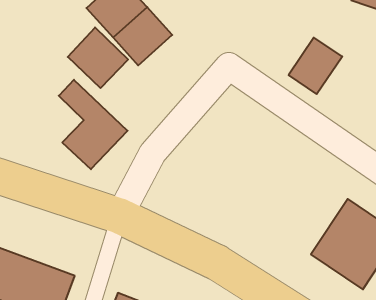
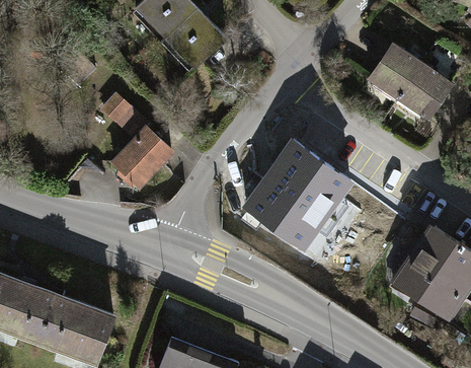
building: [68,27,128,88] -> none
building: none -> [393,67,454,131]
building: none -> [246,133,361,248]

